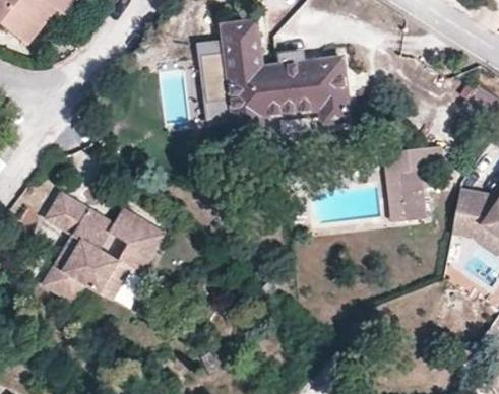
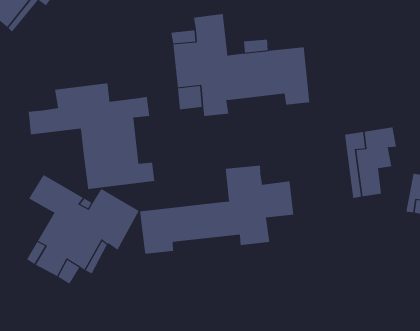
building: none -> [28,82,155,190]
building: none -> [139,165,294,255]

